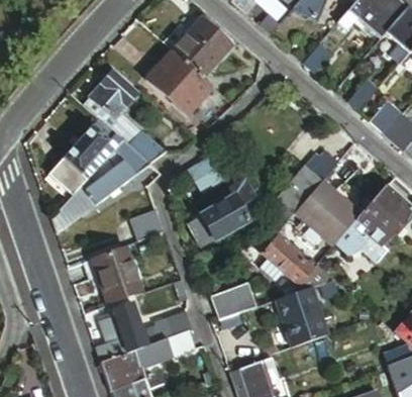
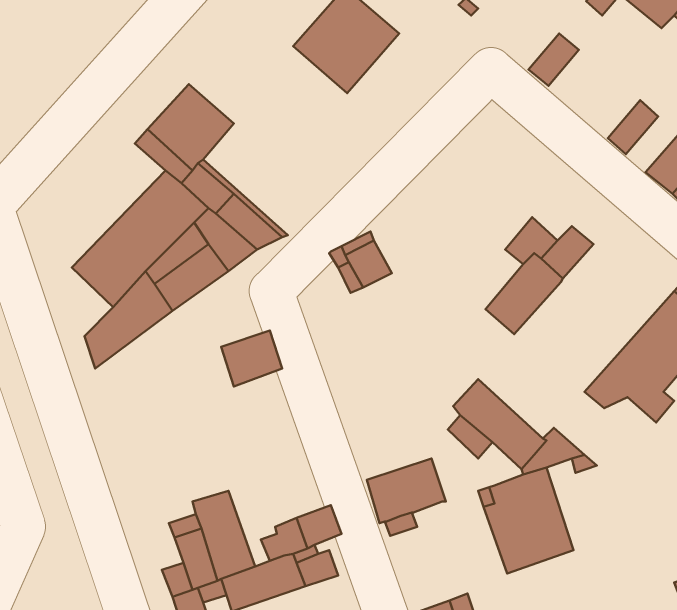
building: [145,51,212,116] -> none
building: [186,180,252,247] -> none
building: [294,183,360,247] -> none
building: [95,244,145,303] -> none

